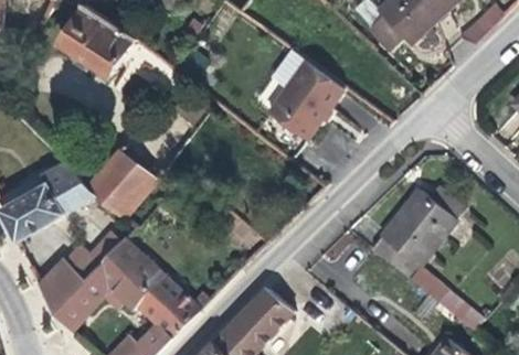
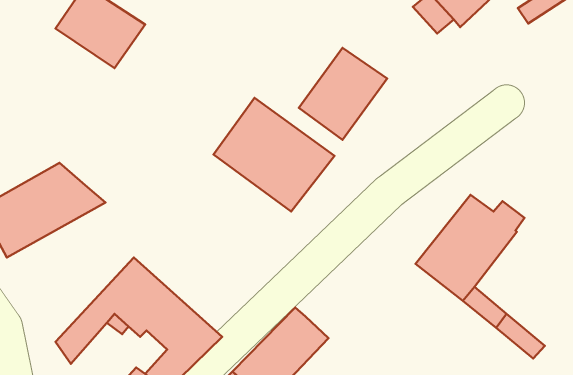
building: none -> [214,98,334,212]
building: [87,152,152,216] -> none
building: [39,235,127,316] -> none

